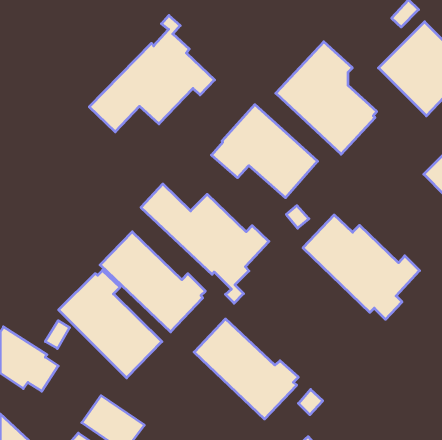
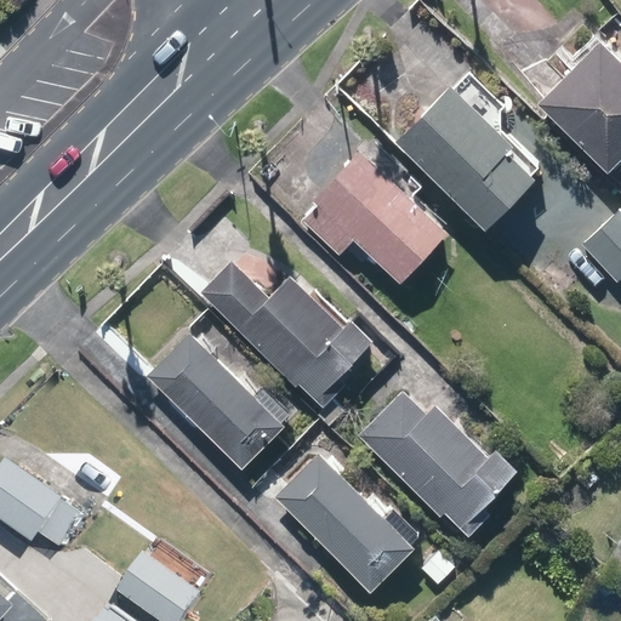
building: [89,15,215,132] -> none
building: [303,215,420,319] -> [359,393,522,539]
building: [59,270,162,378] -> none

